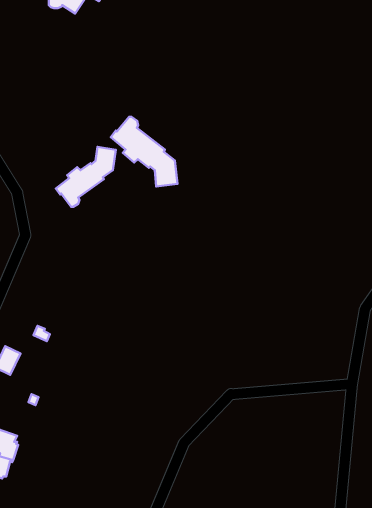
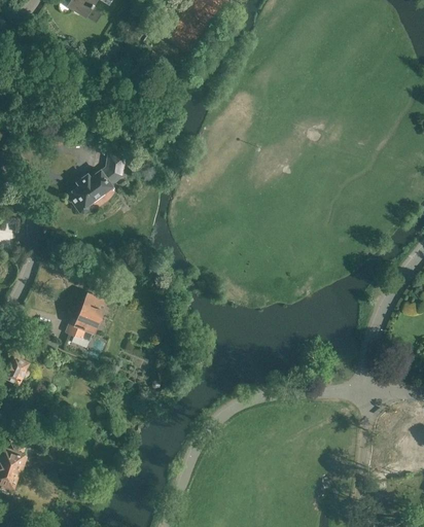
building: [111,117,177,187] -> none
building: none -> [65,292,107,347]

